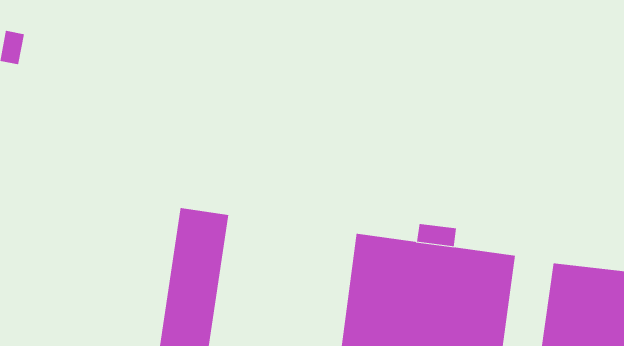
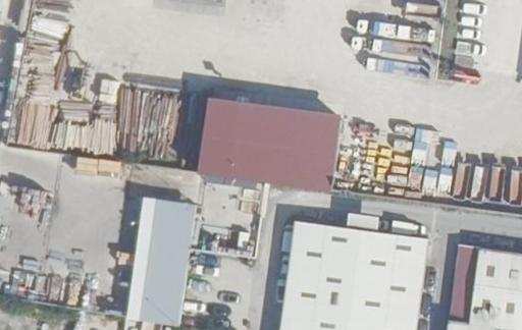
building: none -> [190,97,338,193]

